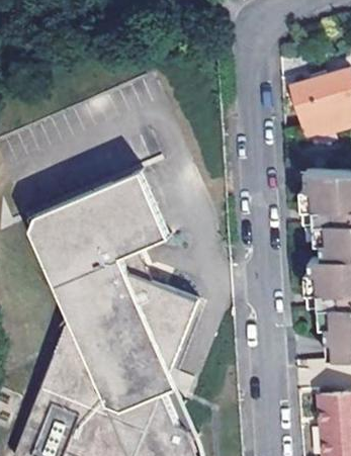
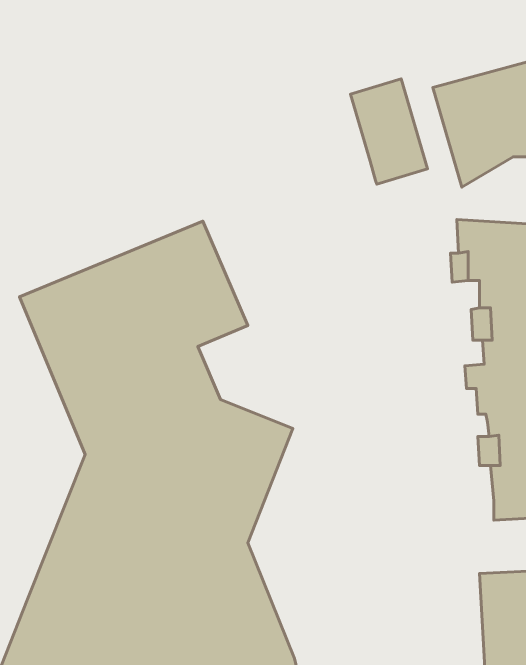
building: none -> [351,79,427,184]

